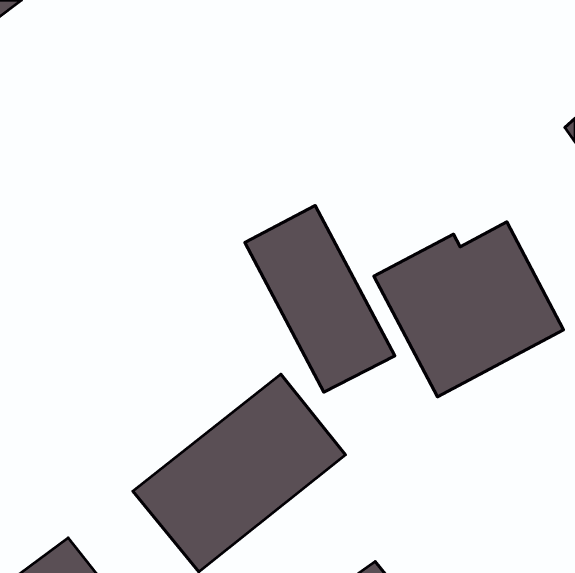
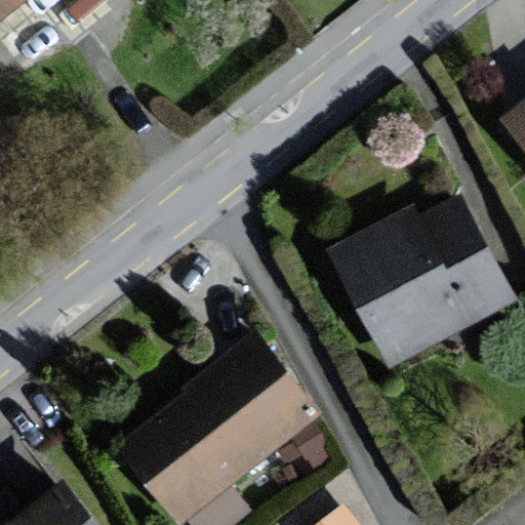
building: [245,206,395,392] -> none

